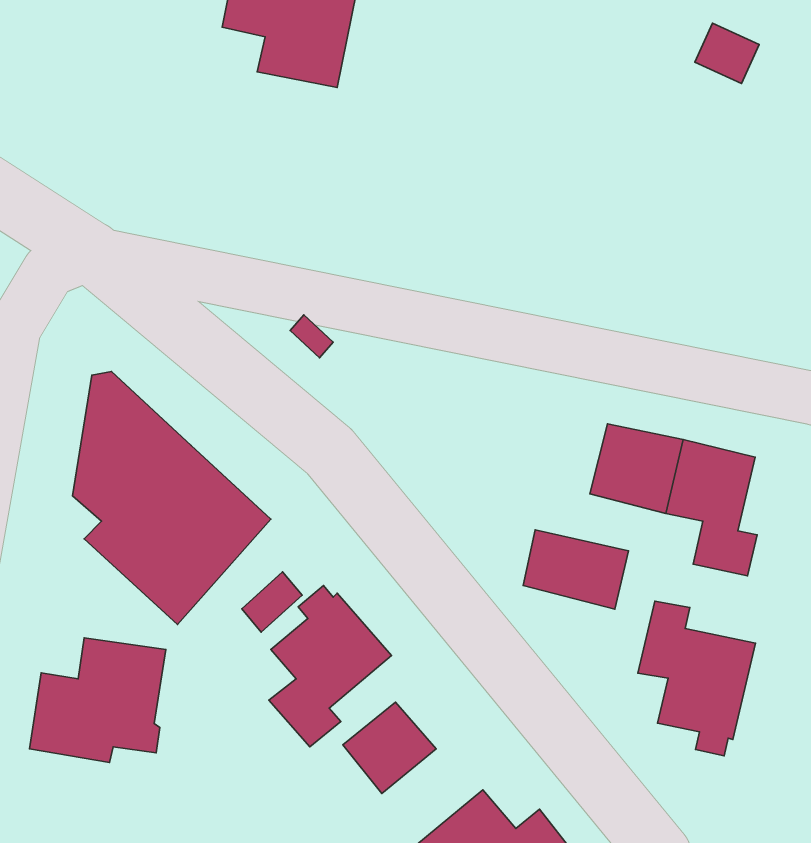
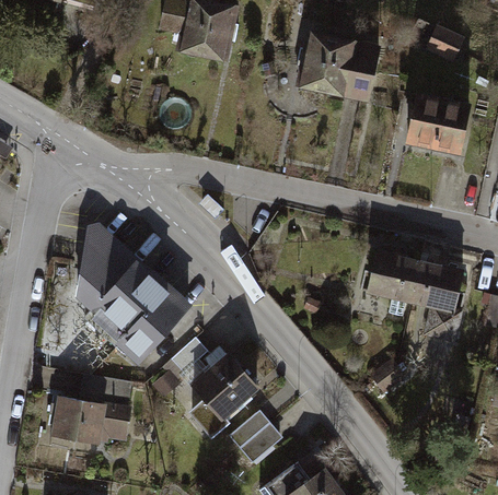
building: none -> [300,37,378,104]
building: none -> [407,97,467,158]
building: [523,530,629,609] -> none
building: [638,601,756,756] -> none

